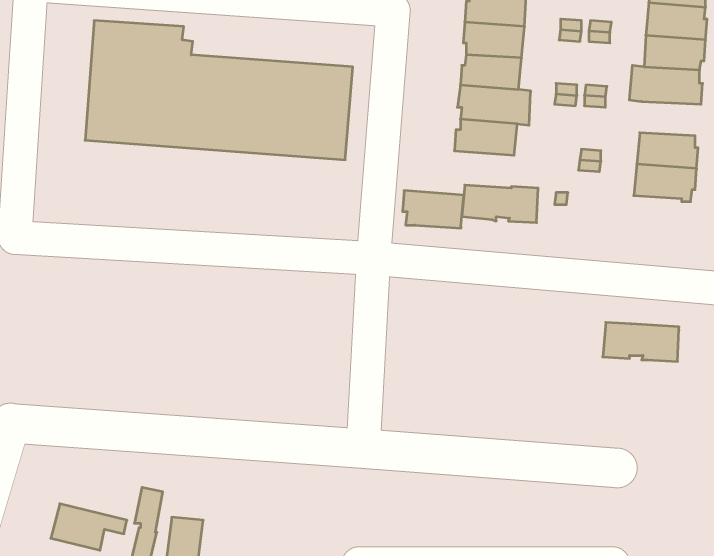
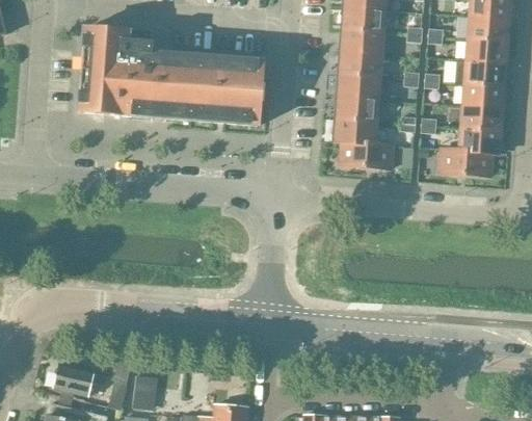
building: none -> [462,84,505,108]
building: [403,191,464,228] -> [332,119,375,144]
building: [603,322,679,361] -> [438,149,491,176]

